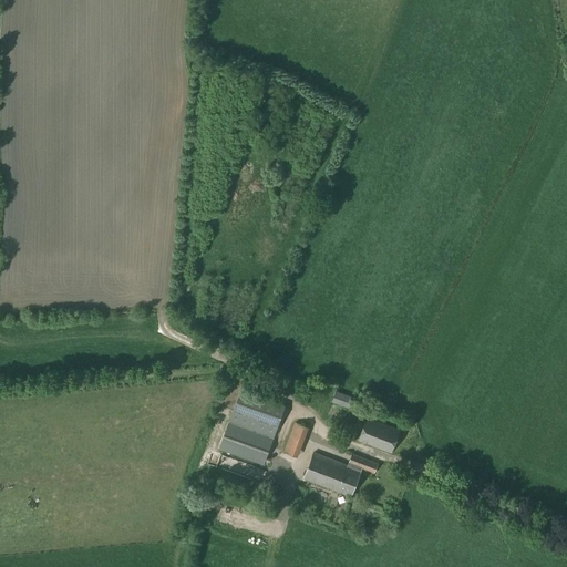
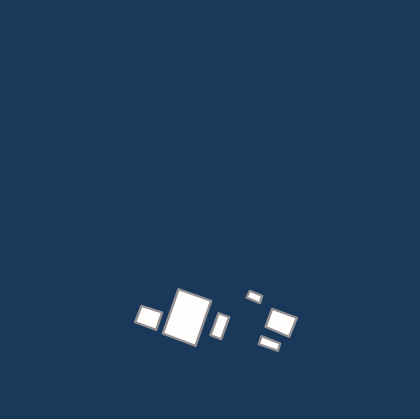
building: none -> [135,306,162,330]
building: [303,454,361,497] -> none

